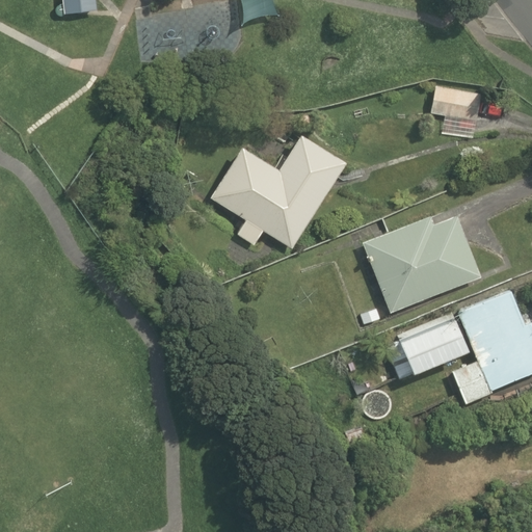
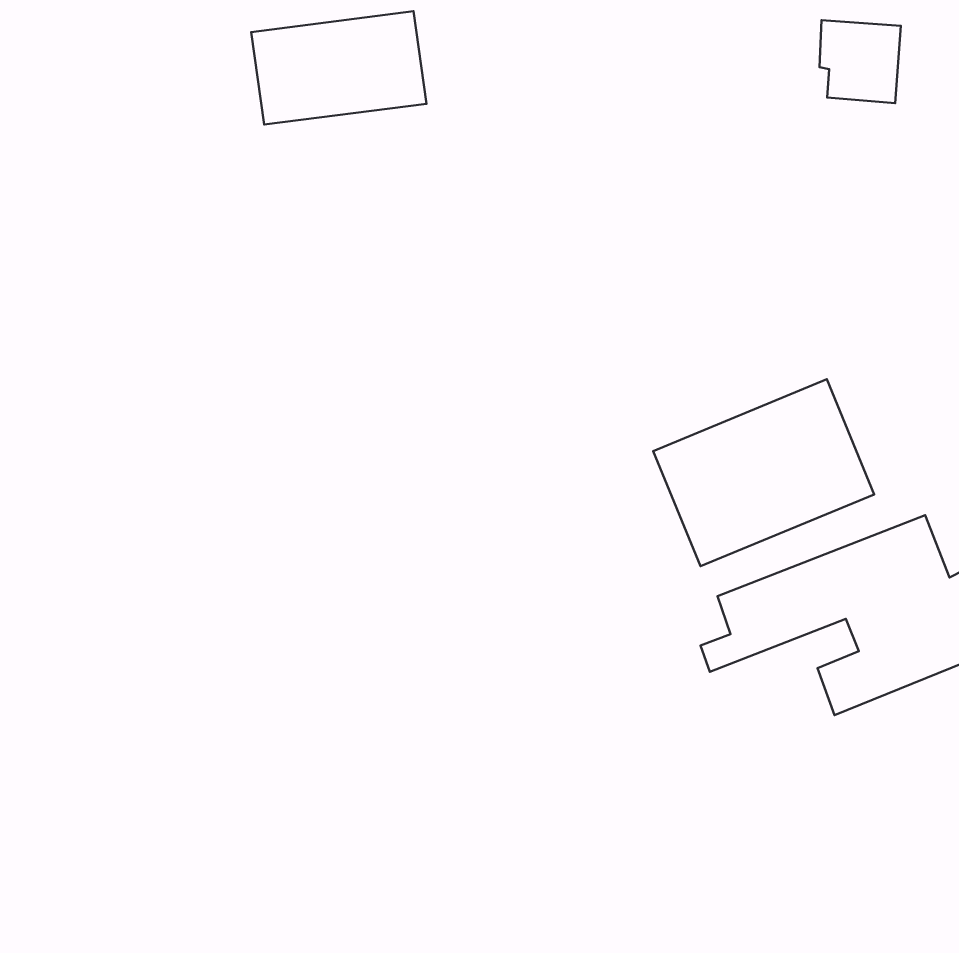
building: [435,88,480,134] -> [820,20,901,103]
building: [212,132,342,249] -> none

